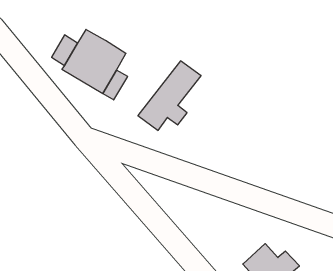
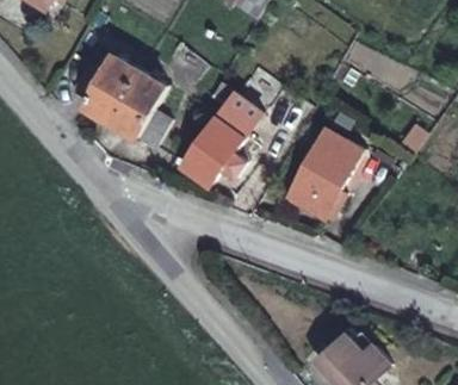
building: none -> [287,130,364,218]

